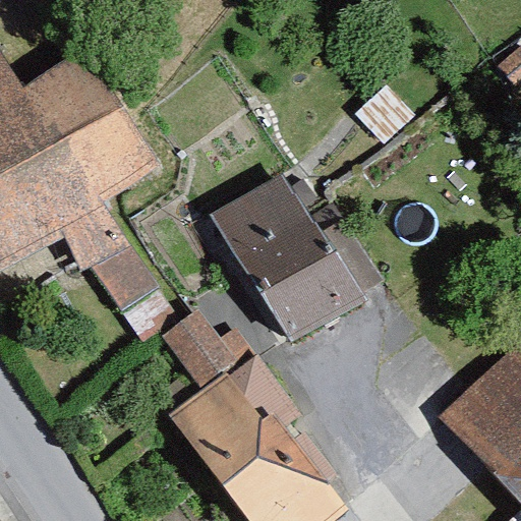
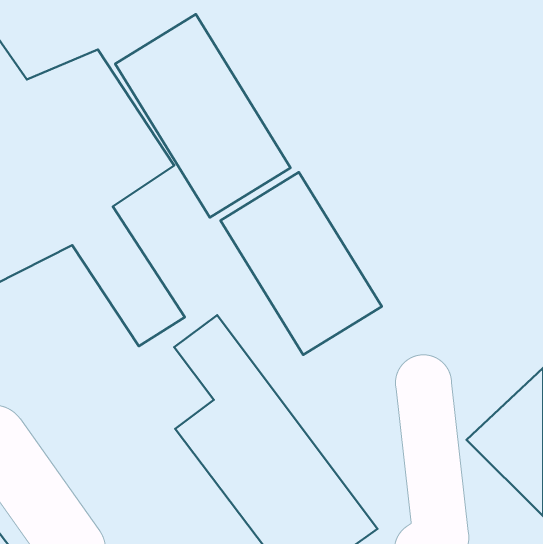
building: none -> [115,14,290,217]

